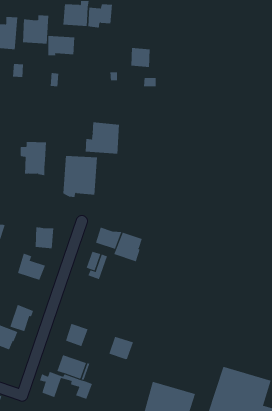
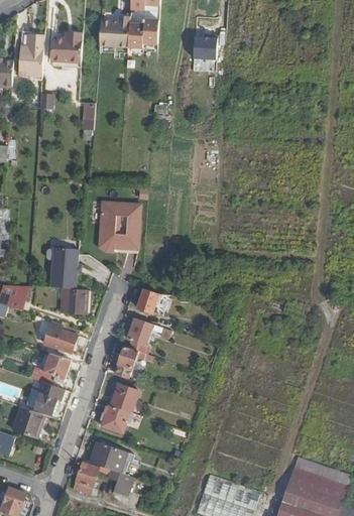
building: [48,35,75,56] -> none
building: [130,48,151,68] -> [193,36,217,60]
building: [85,122,120,154] -> none
building: [20,141,47,176] -> [44,249,77,290]
building: [113,232,142,262] -> none
building: none -> [115,346,145,378]
building: none -> [45,354,71,379]
building: [109,336,134,361] -> [108,384,138,413]

